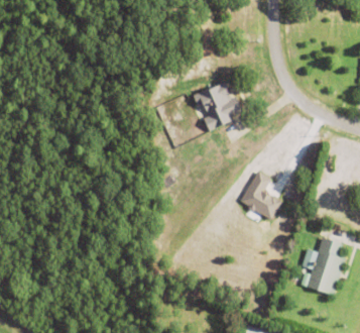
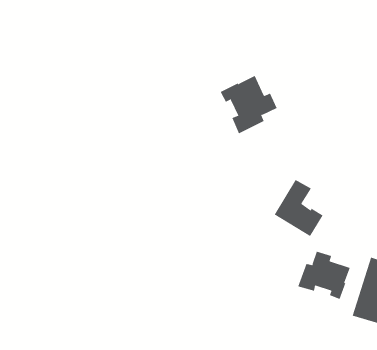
building: none -> [298,251,350,300]

